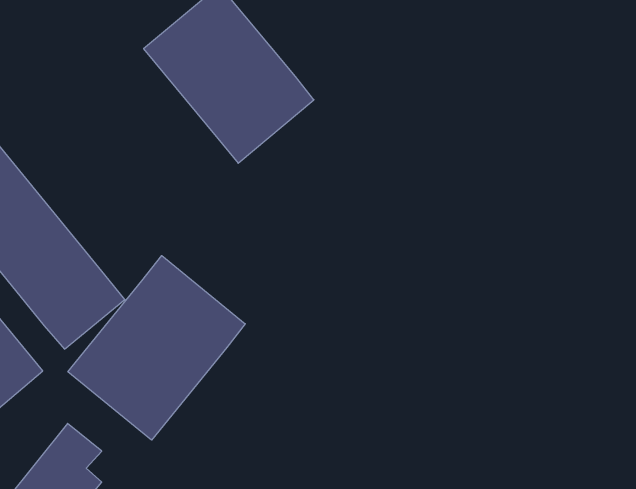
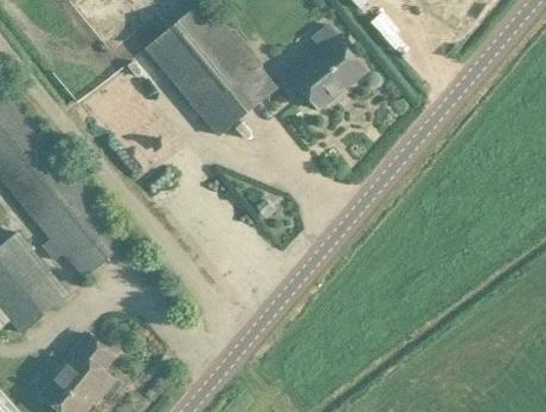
building: none -> [287,27,359,112]
building: [68,256,245,440] -> none

